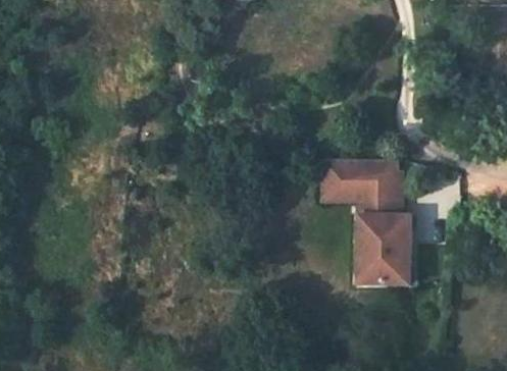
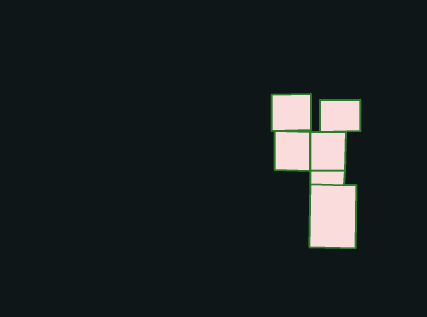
building: none -> [272,94,311,131]
building: none -> [320,100,360,132]

